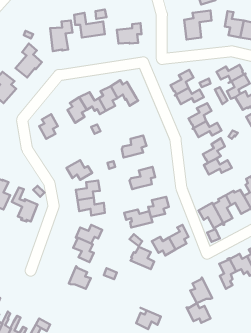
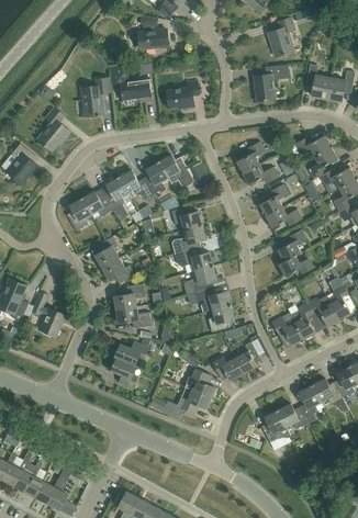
building: none -> [82,191,113,216]
building: none -> [172,206,201,230]
building: none -> [94,237,120,268]
building: none -> [176,248,213,271]
building: [124,210,152,227] -> [194,289,231,312]
building: [69,266,91,289] -> none
building: [187,303,210,323] -> [277,404,307,429]
building: [136,308,161,329] -> [179,387,211,415]

